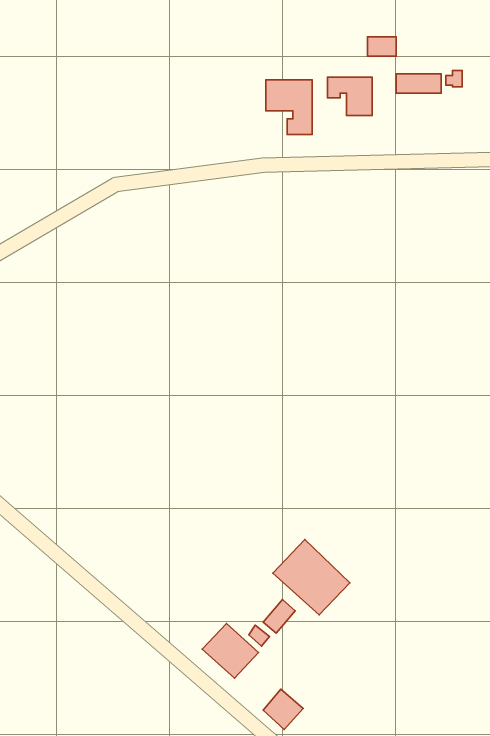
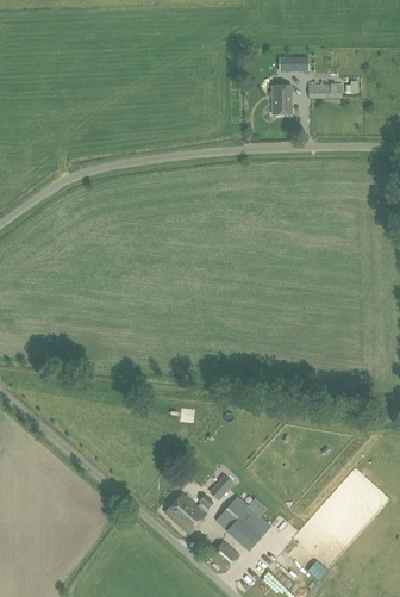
building: [266,80,312,134] -> none
building: [273,540,350,615] -> [214,493,271,549]

